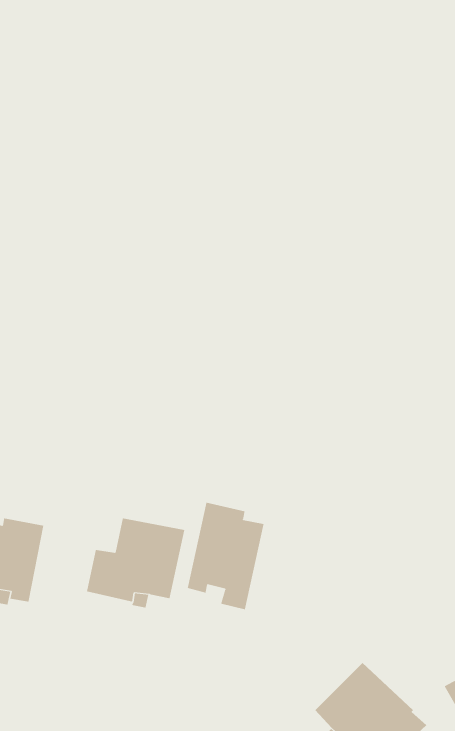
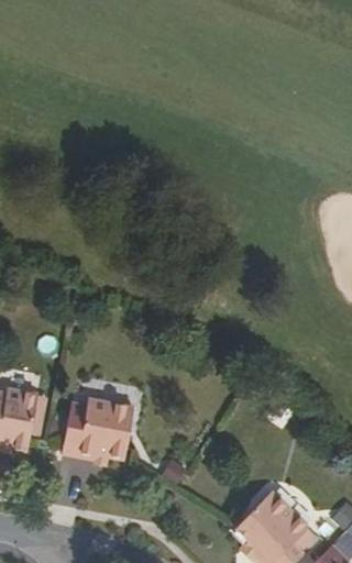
building: [187,502,264,610] -> none

